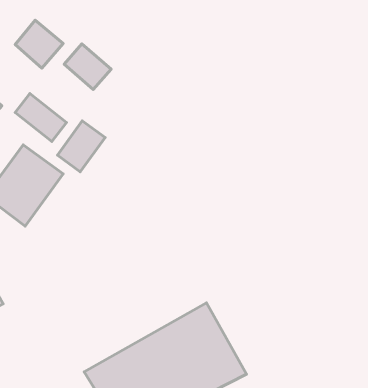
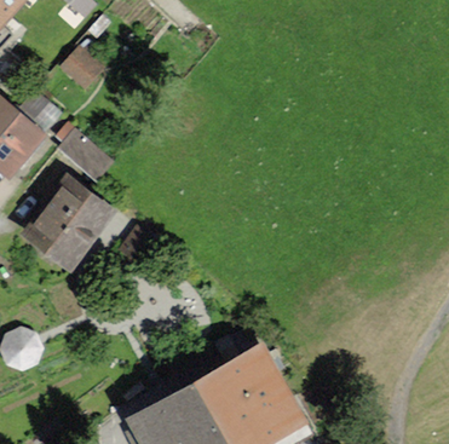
building: [64,44,111,89] -> none
building: [57,121,105,172] -> none

